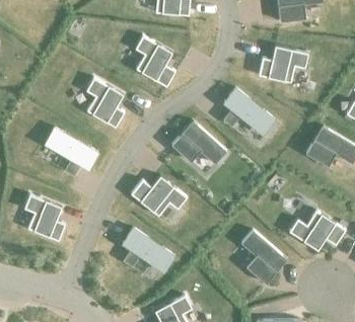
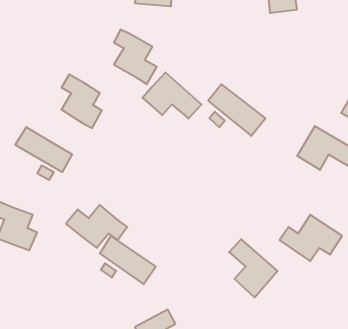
building: [258,47,306,83] -> none
building: [172,122,227,164] -> [142,72,202,119]
building: [130,176,187,216] -> [66,205,127,248]

